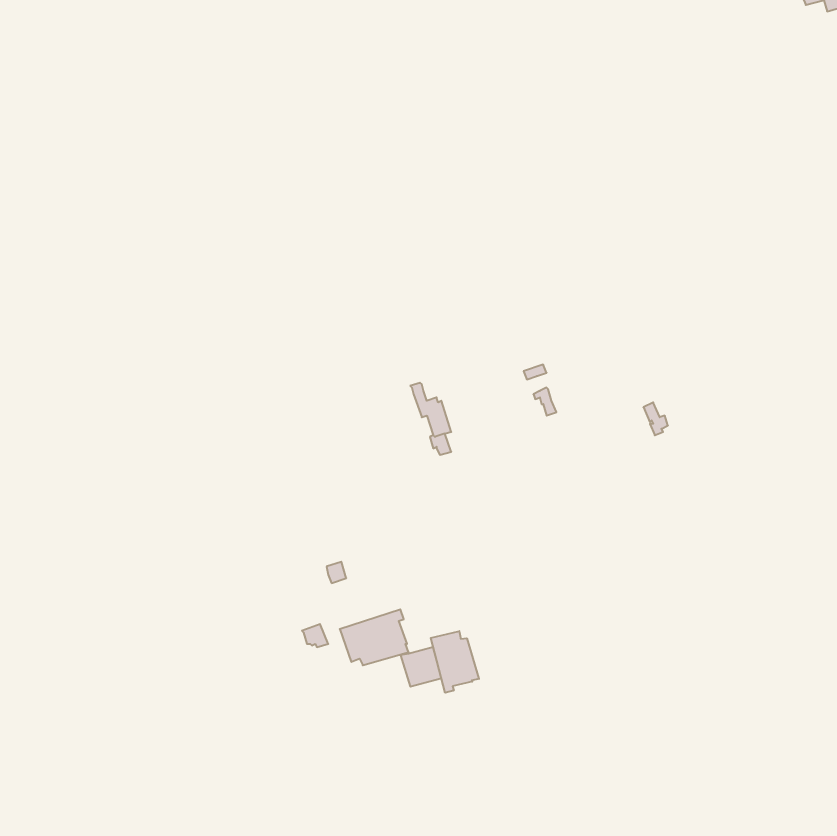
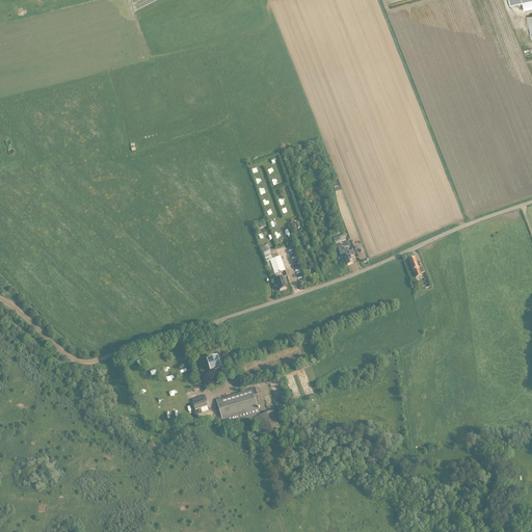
building: [431,631,479,693] -> none

